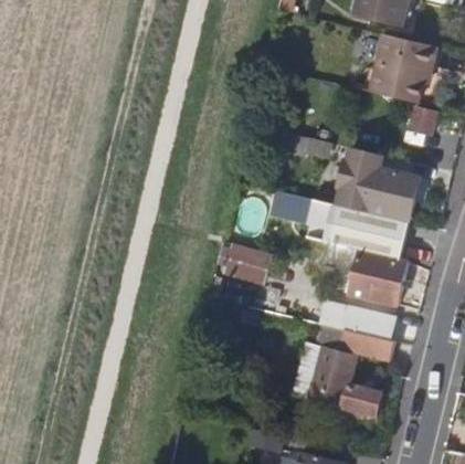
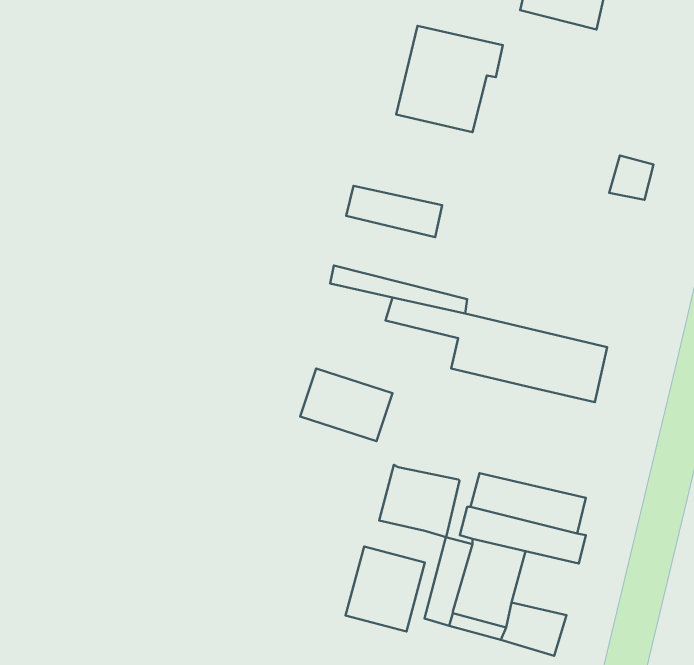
building: [370,36,436,103] -> [396,26,503,132]
building: [347,162,418,220] -> none
building: [350,250,406,305] -> none
building: none -> [379,465,459,537]
building: none -> [346,547,425,631]

